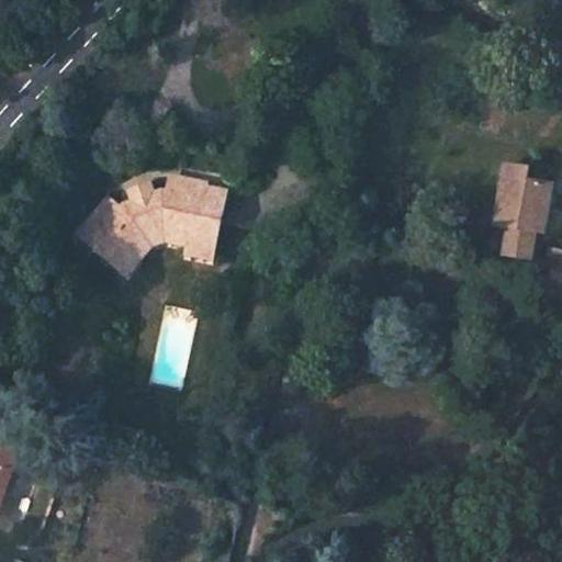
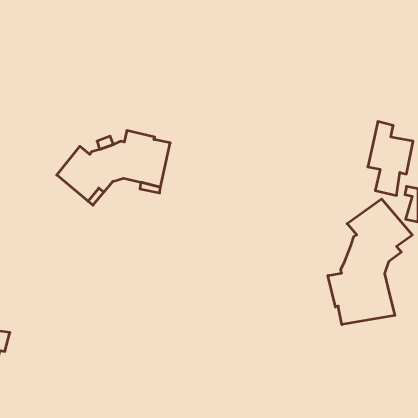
building: none -> [328,199,412,325]

